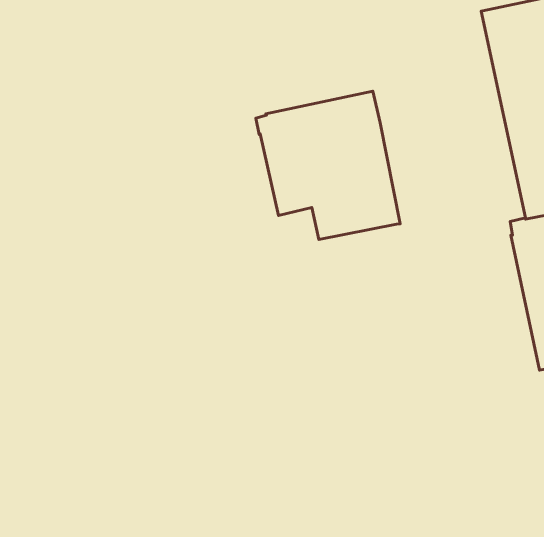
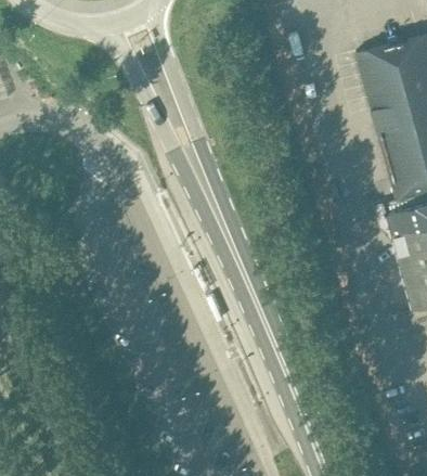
building: [256,91,400,240] -> none

